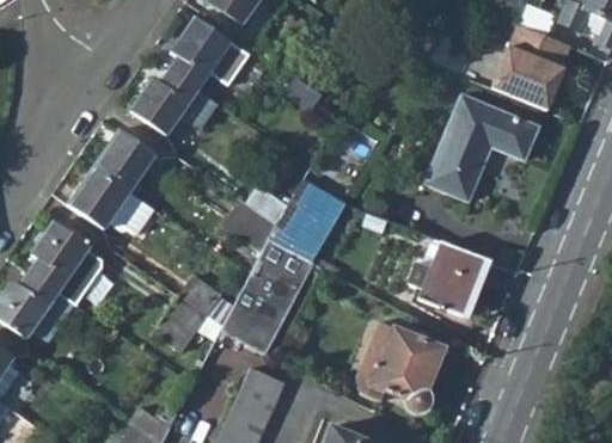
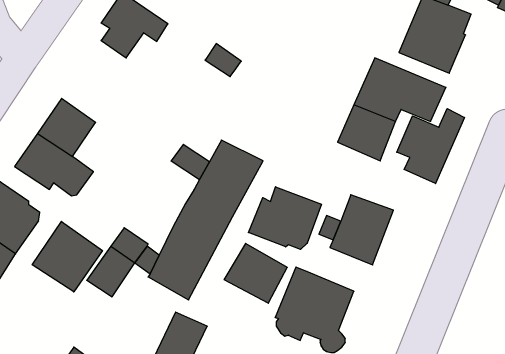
building: [130,72,196,135] -> none
building: none -> [397,109,464,184]
building: [224,199,276,250] -> none
building: none -> [248,187,322,249]
building: none -> [32,221,102,292]
building: none -> [224,243,287,303]

